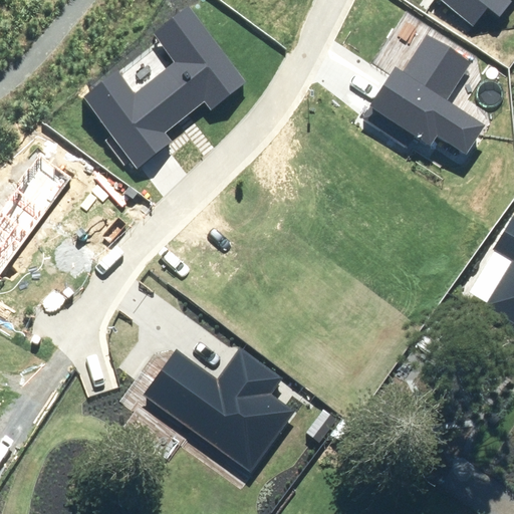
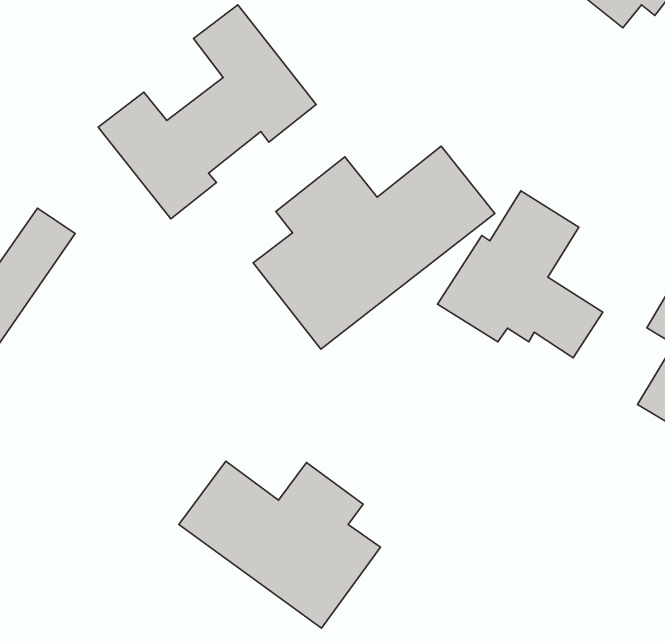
building: [363,32,487,157] -> [437,191,603,358]
building: none -> [253,146,495,349]

